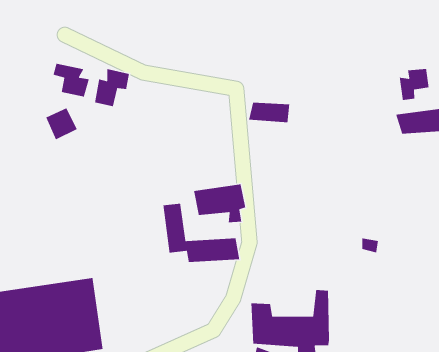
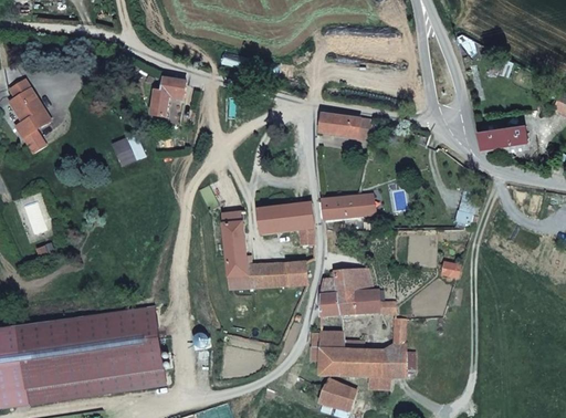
building: [53,63,90,97] -> none
building: [399,68,430,101] -> none
building: none -> [318,194,376,222]
building: none -> [319,268,394,317]

